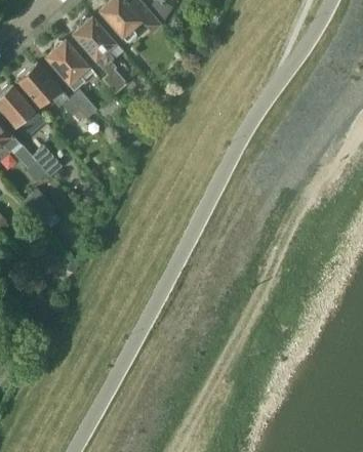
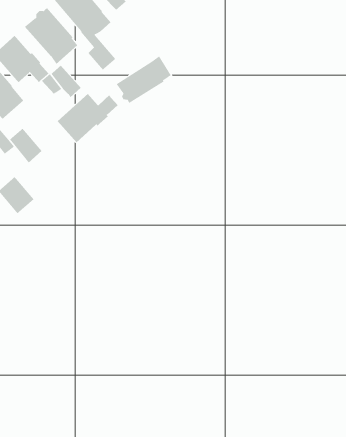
building: none -> [116,55,172,104]
building: none -> [57,93,119,143]

